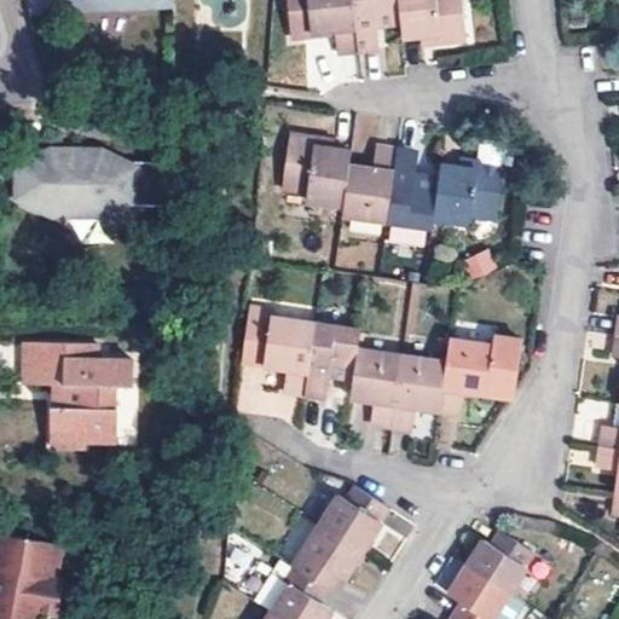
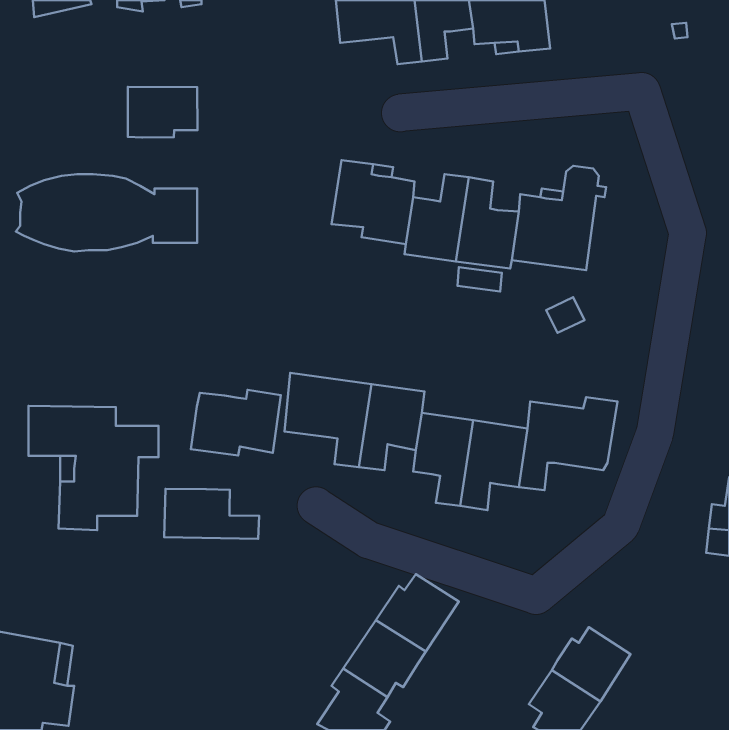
building: none -> [128,87,197,138]
building: none -> [191,390,281,455]
building: none -> [164,489,259,539]

